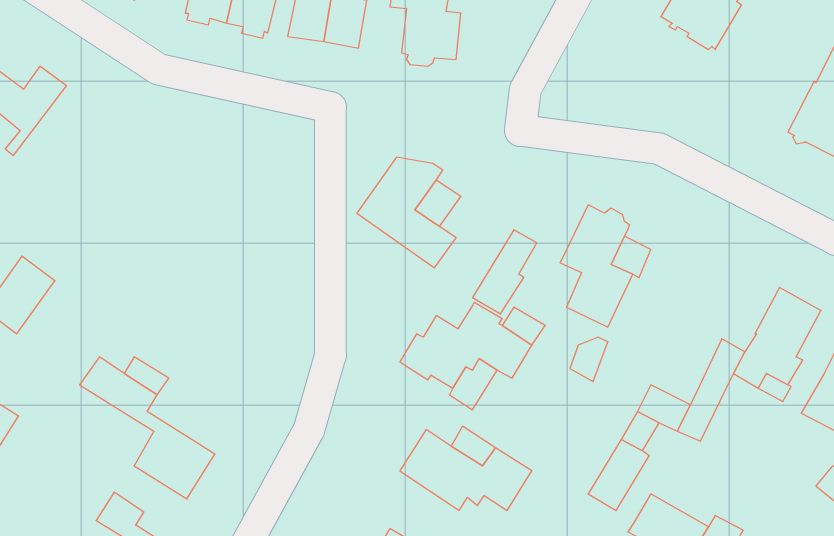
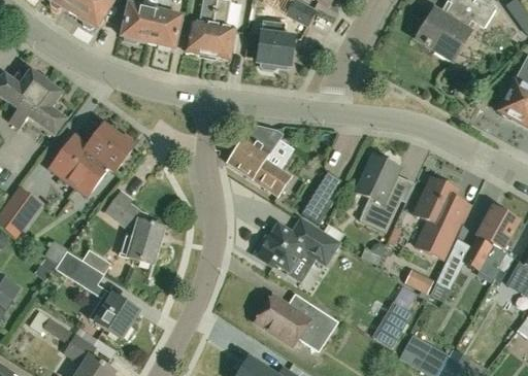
building: none -> [13,81,66,135]
building: none -> [50,123,134,195]
building: none -> [414,178,472,260]
building: none -> [106,191,163,265]
building: none -> [29,310,71,342]

